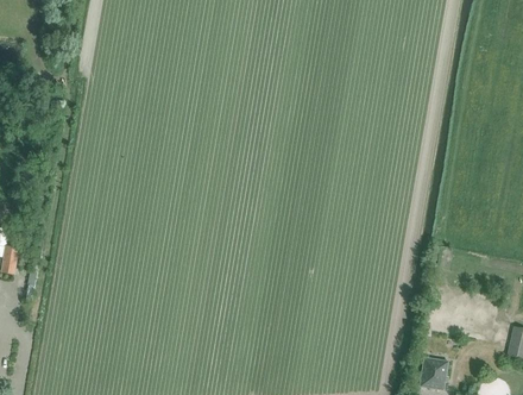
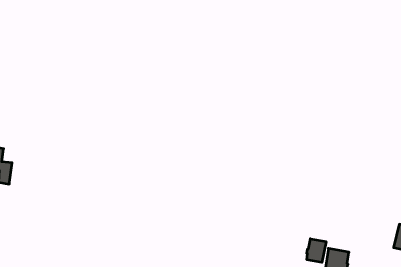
building: none -> [307,239,326,262]

